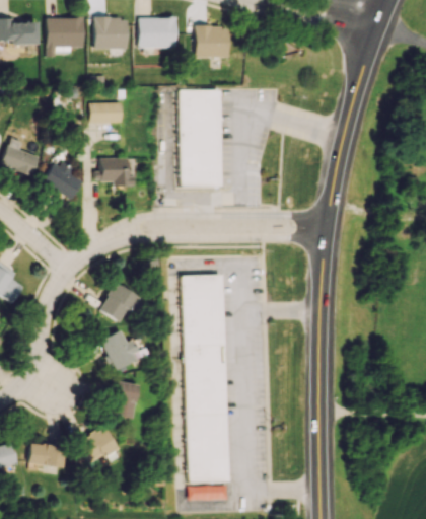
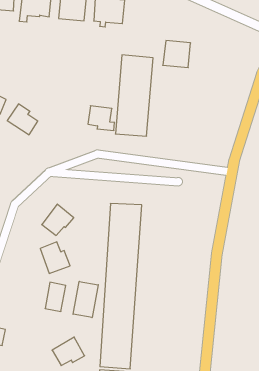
building: [196,26,228,58] -> [163,41,191,68]
building: [90,102,122,123] -> none
building: [100,158,134,187] -> [88,106,115,130]
building: none -> [73,281,98,318]
building: [76,426,118,463] -> [52,337,85,366]

